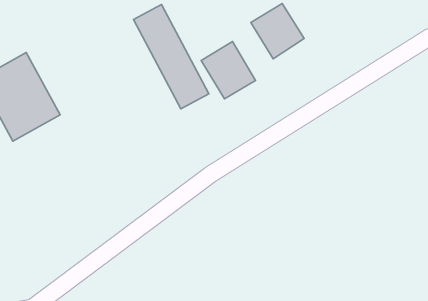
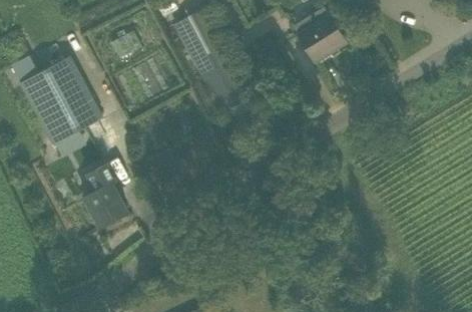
building: [201,41,255,99] -> none
building: none -> [84,164,127,227]

